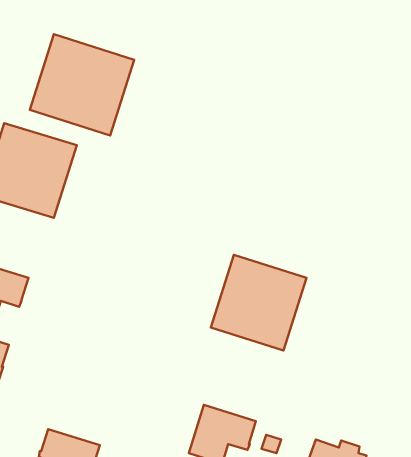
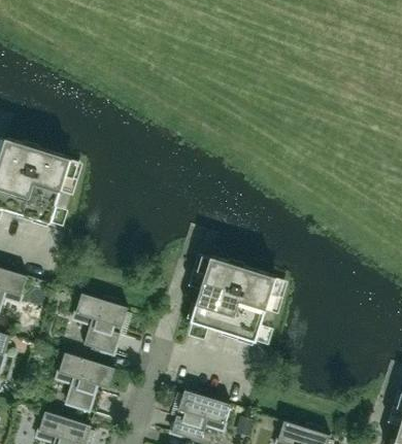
building: [30,34,134,135] -> none
building: none -> [73,294,128,354]
building: none -> [57,353,115,414]

